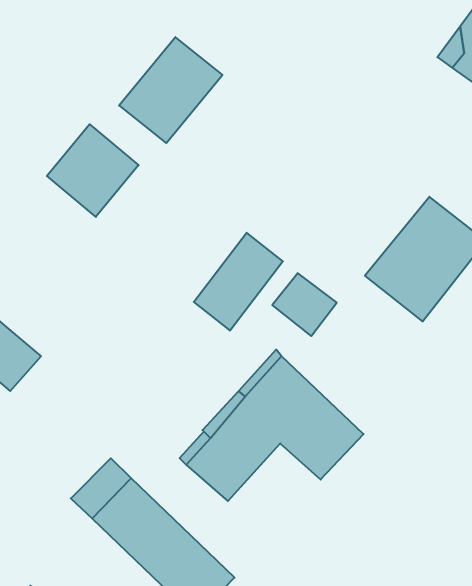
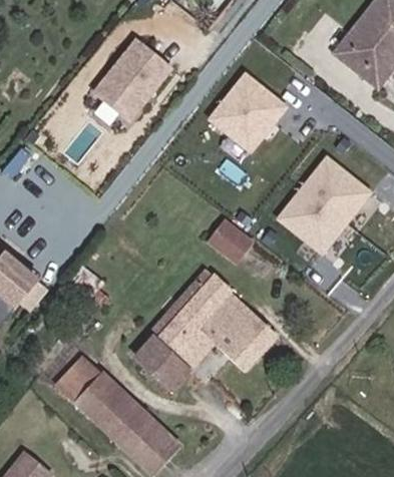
building: none -> [207,71,287,152]
building: [47,124,139,217] -> none
building: [194,233,283,331] -> none

